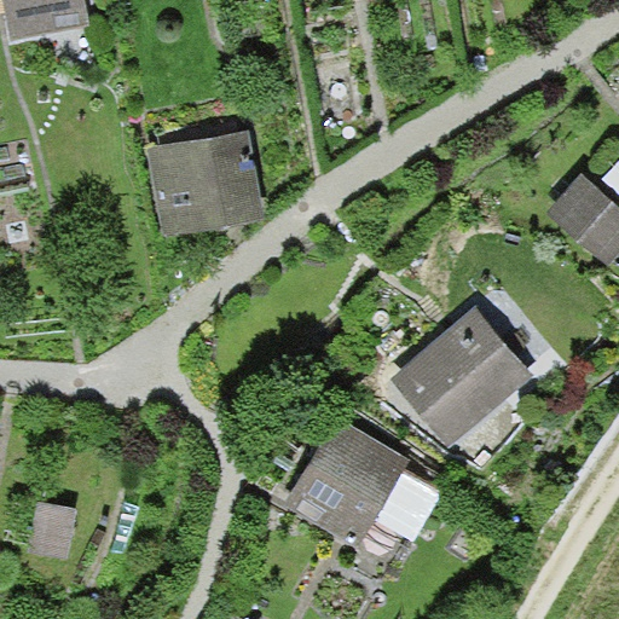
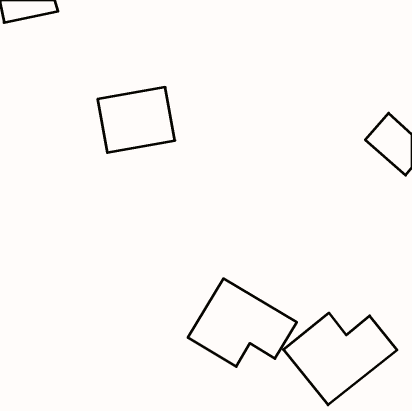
building: [392,307,532,445] -> none
building: none -> [283,313,397,405]

